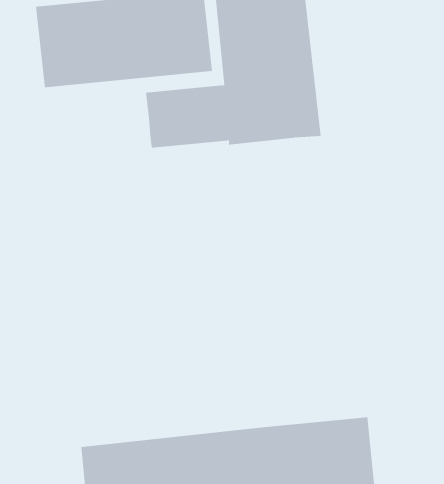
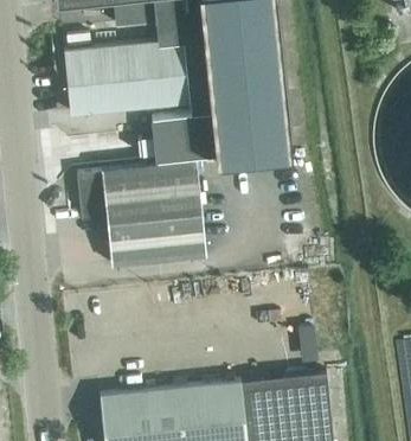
building: none -> [76,161,205,267]

